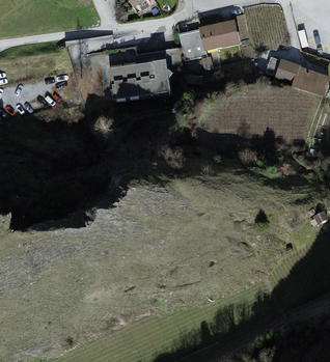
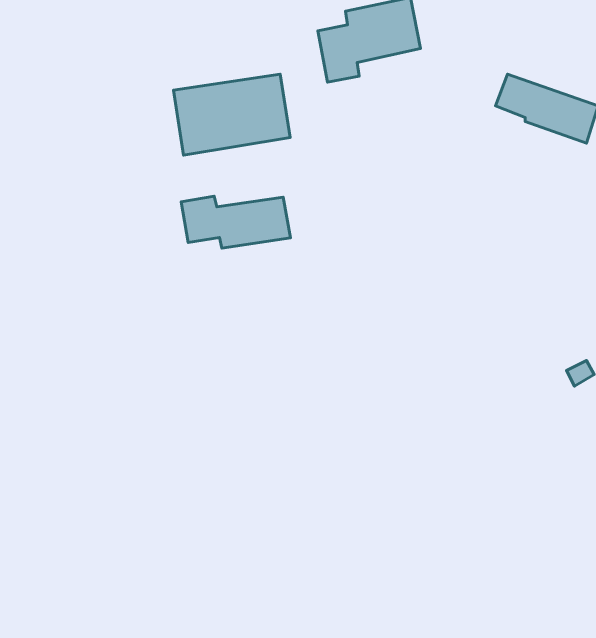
building: none -> [181,196,291,248]

